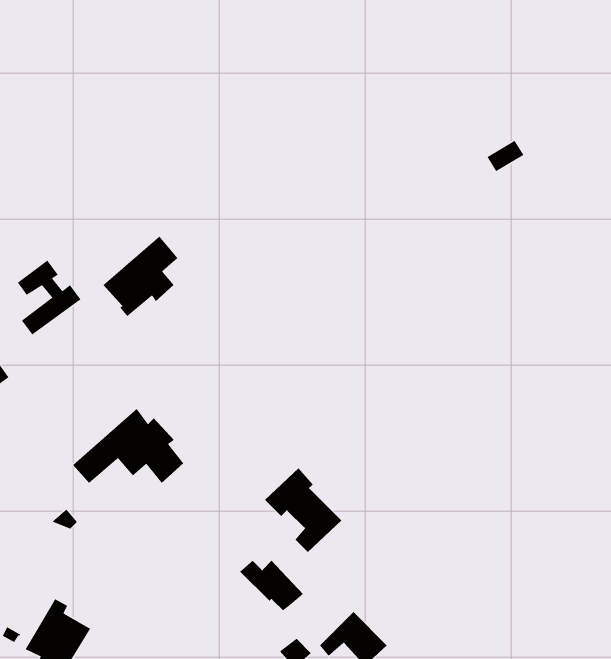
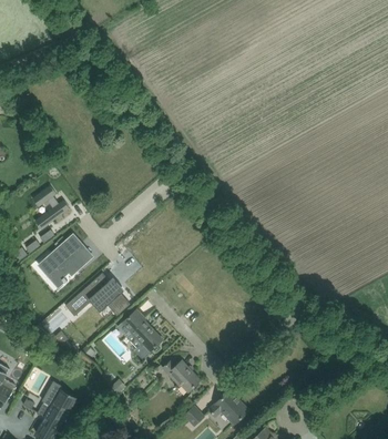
building: [102,236,178,317] -> [41,235,85,283]
building: [264,467,342,553] -> [118,308,163,358]

